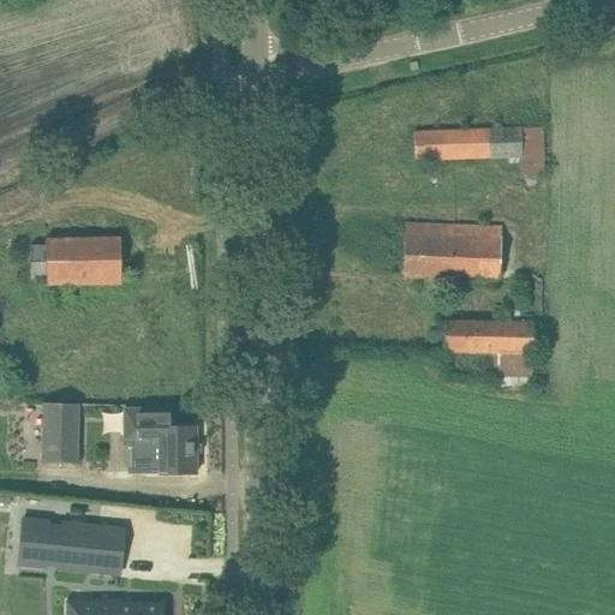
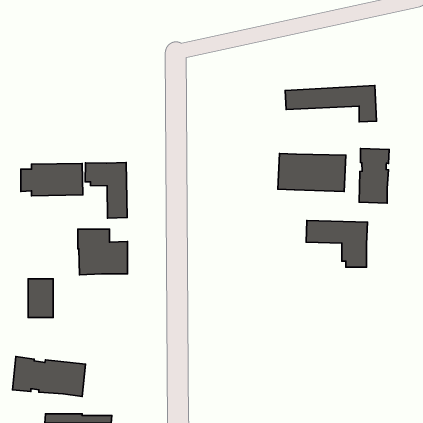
building: none -> [359,148,389,203]
building: none -> [85,163,127,218]
building: [125,407,197,473] -> [78,229,128,275]

